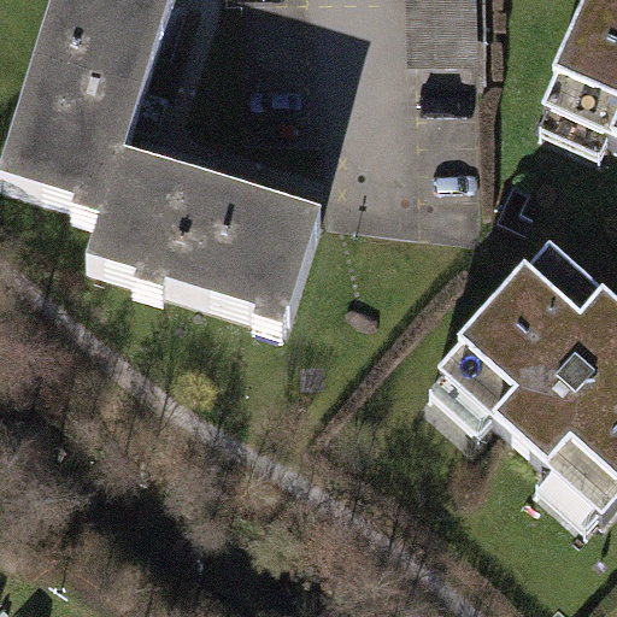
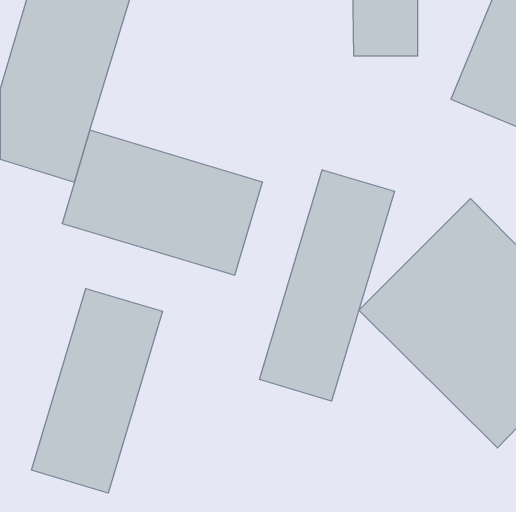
building: none -> [259,170,394,401]
building: none -> [31,288,163,493]

